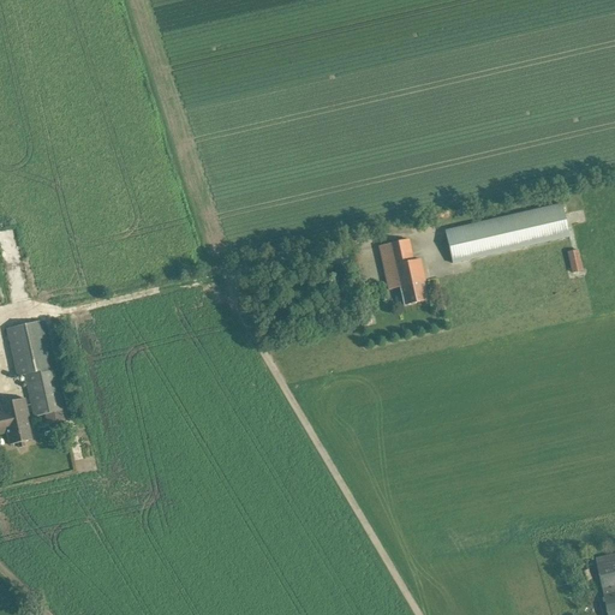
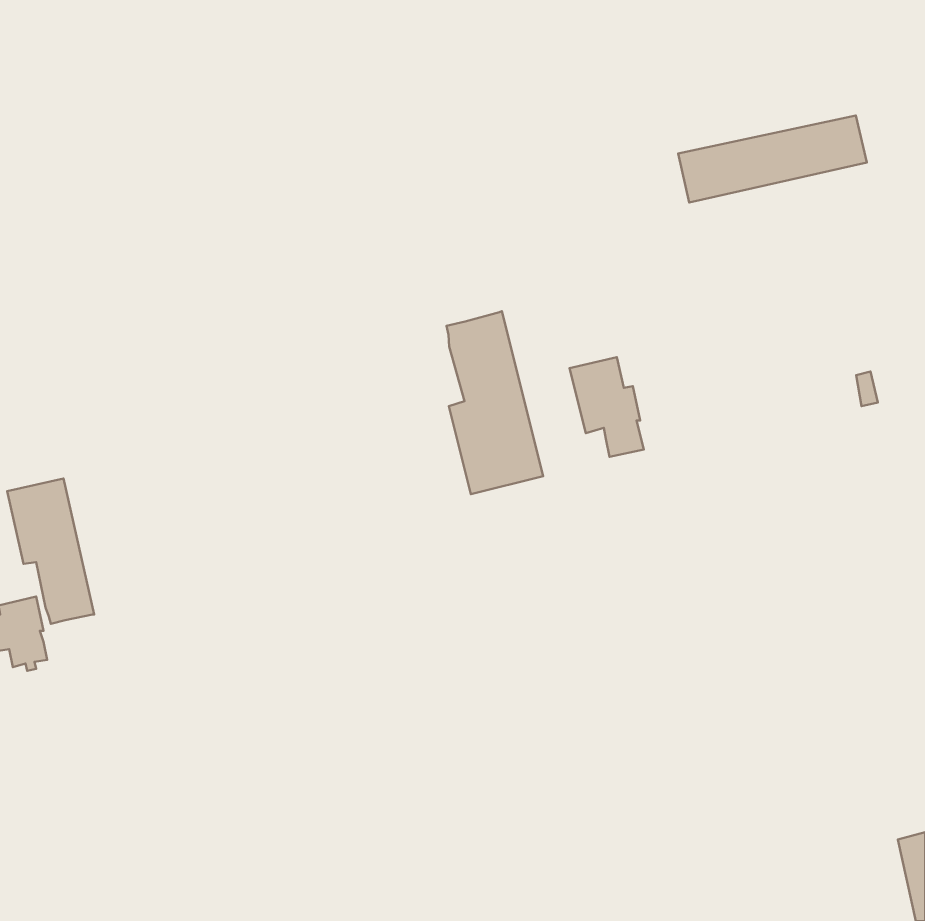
building: [444,203,569,261] -> [678,115,867,202]
building: none -> [446,311,543,494]

